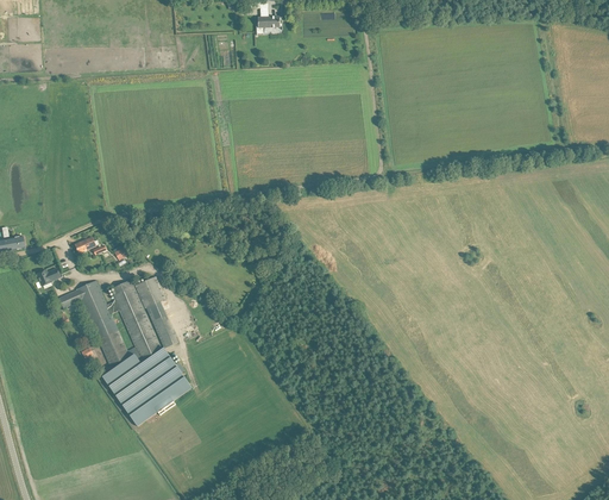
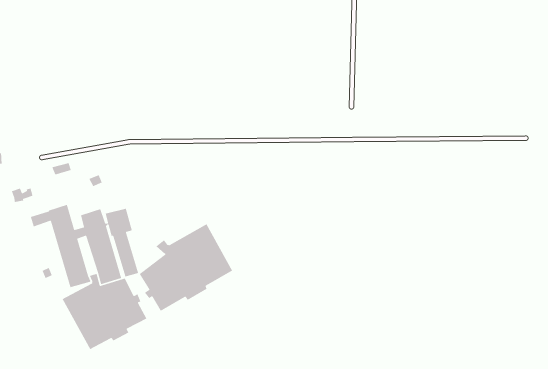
building: none -> [139,223,233,312]

